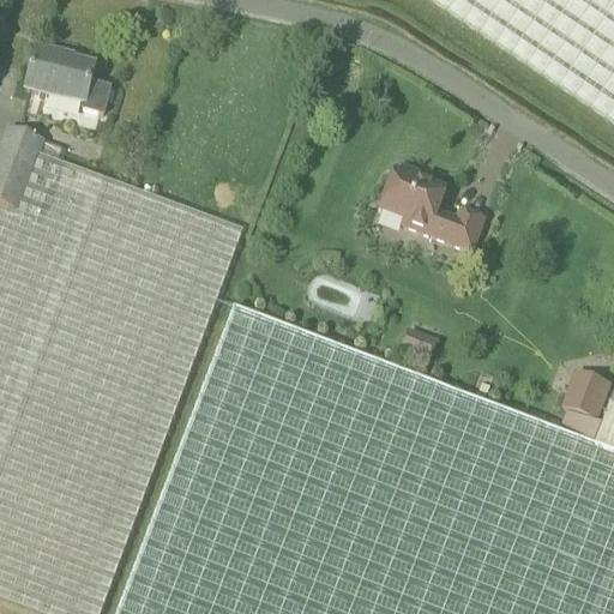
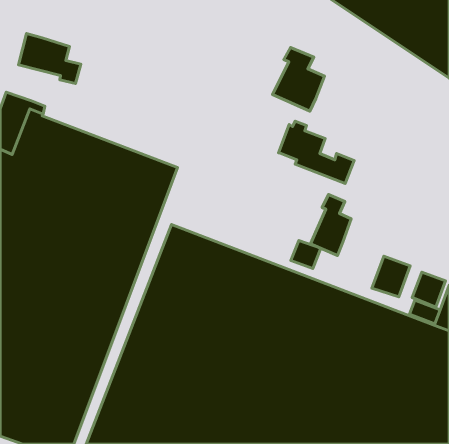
building: none -> [272,48,324,111]
building: none -> [311,195,351,256]
building: none -> [372,256,410,297]

